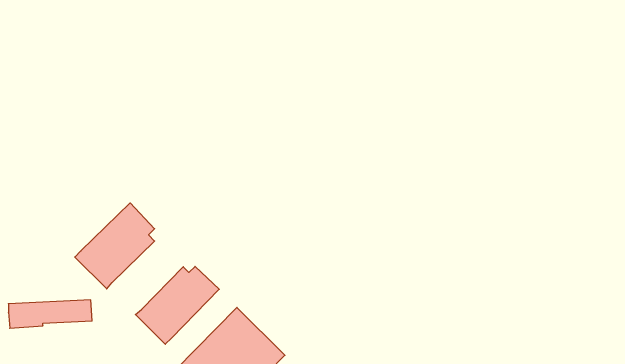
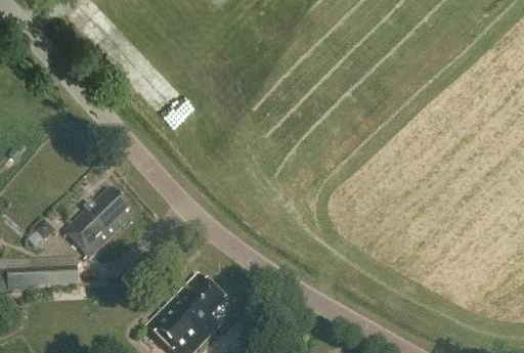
building: [135,266,219,344] -> none

